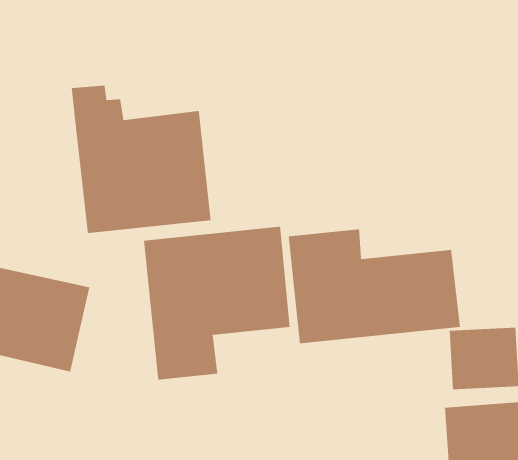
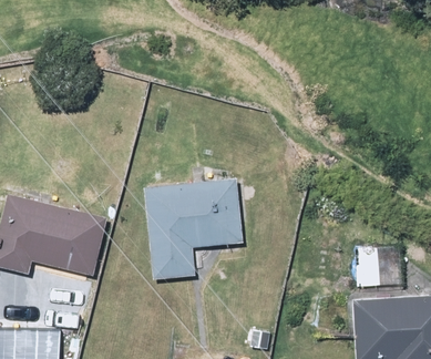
building: [71,85,211,234] -> none
building: [288,229,461,344] -> none

